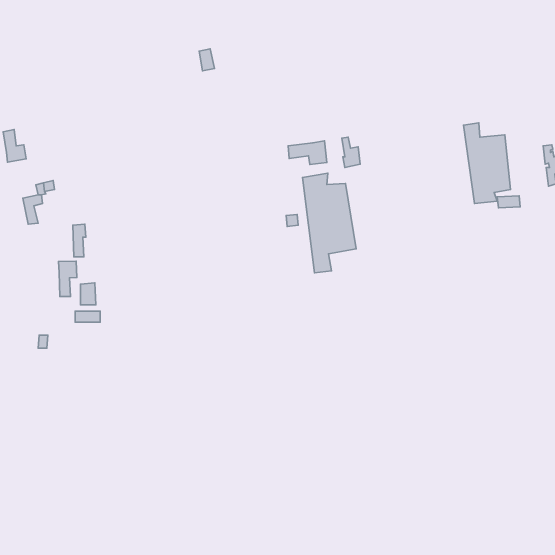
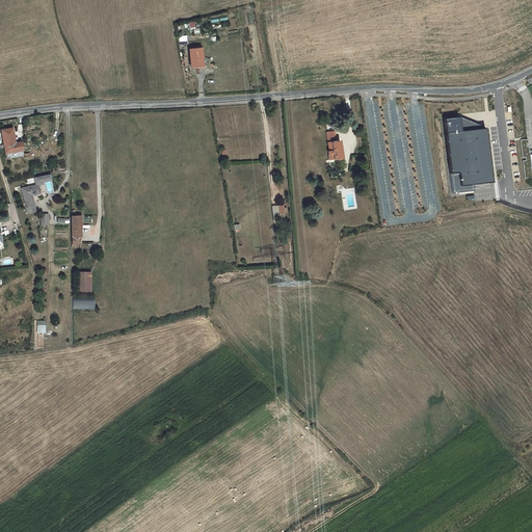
building: [288,141,327,165] -> none
building: [303,173,356,273] -> none
building: [58,261,77,297] -> none

